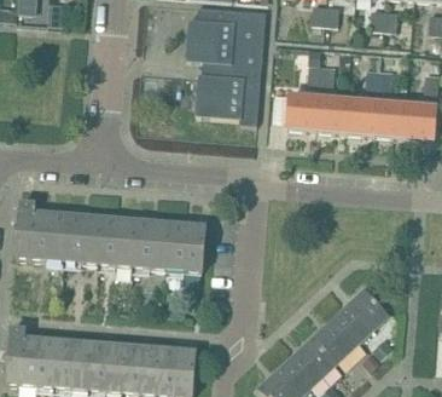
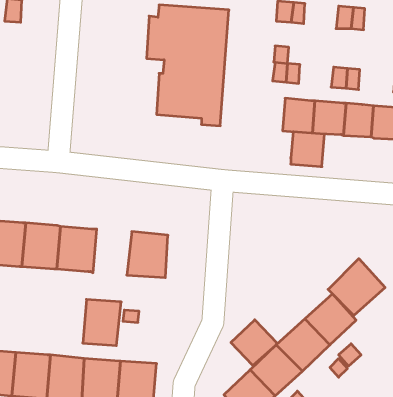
building: [286,94,319,128] -> [291,132,324,167]
building: [133,224,170,269] -> [83,299,121,346]
building: none -> [328,259,385,316]
building: none -> [231,320,277,366]

